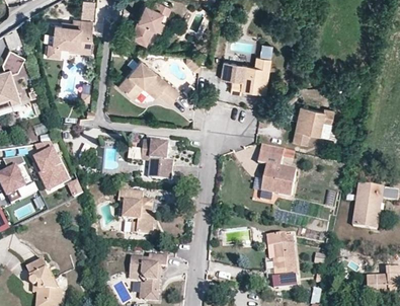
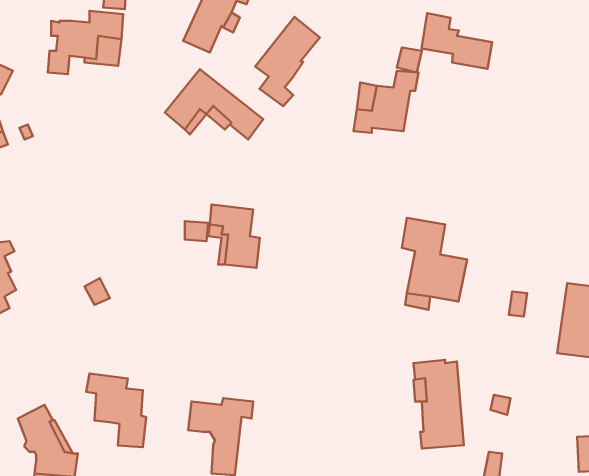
building: none -> [421,13,492,69]
building: none -> [255,17,320,106]
building: [293,106,334,144] -> none
building: [32,145,68,192] -> none
building: [116,186,153,231] -> [86,374,146,447]

